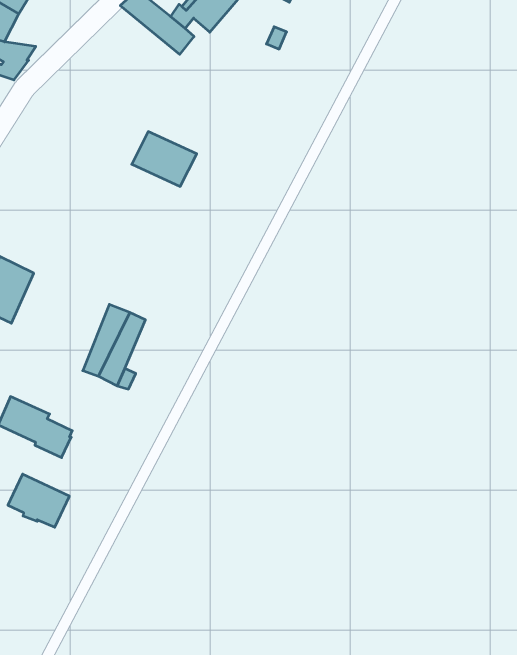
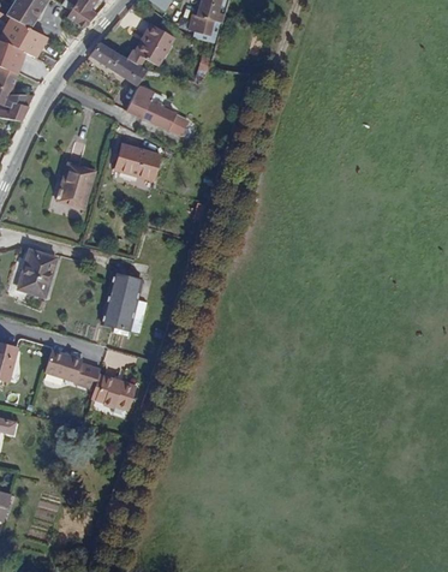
building: none -> [126,87,175,130]
building: none -> [56,165,94,208]
building: [8,474,69,527] -> [92,373,136,407]

